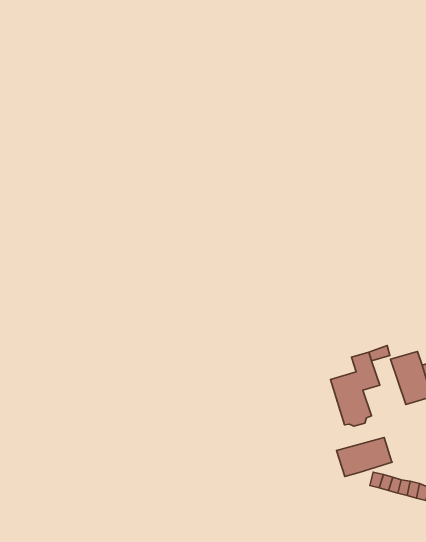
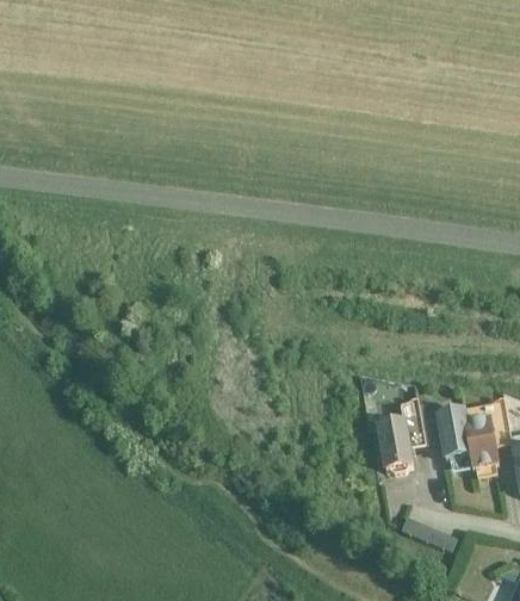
building: [336,438,392,477] -> none

